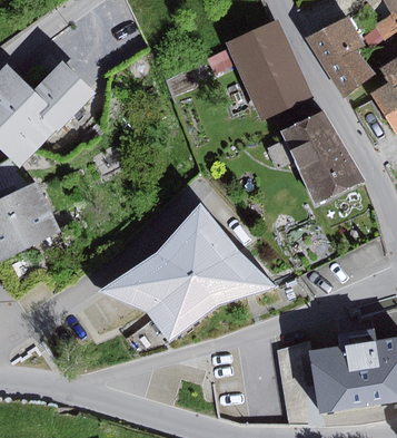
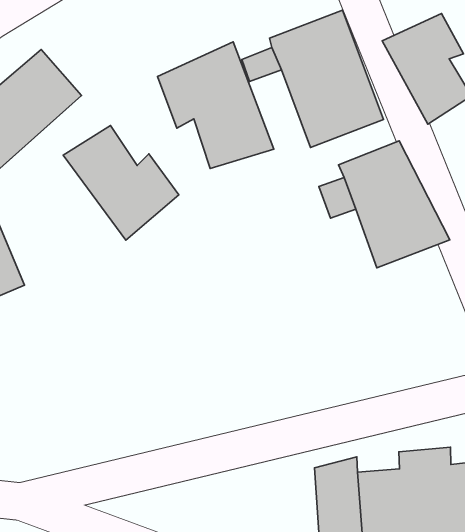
building: none -> [157,42,274,169]
building: none -> [63,126,179,240]
building: [102,204,278,342] -> none

